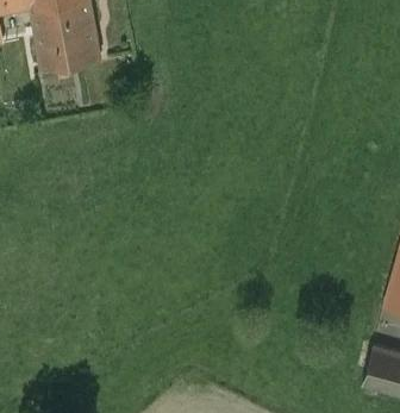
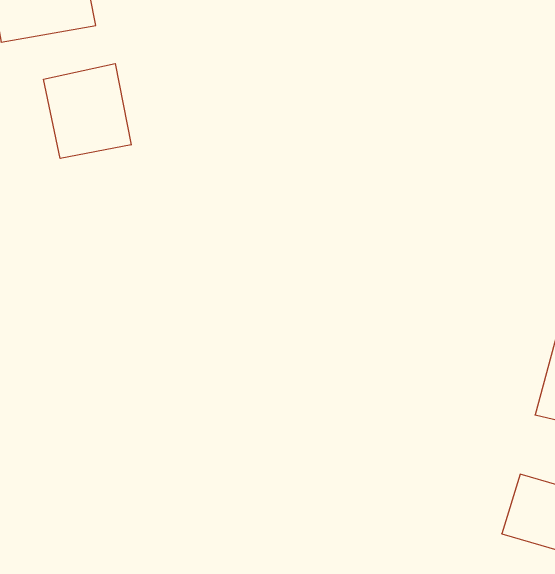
building: none -> [44,64,131,158]

